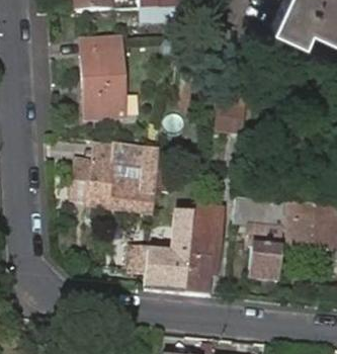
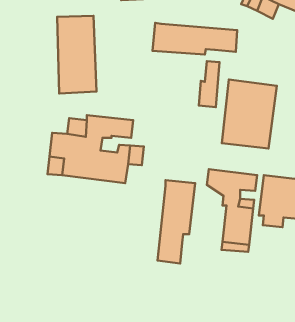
building: none -> [153,23,237,55]
building: none -> [222,80,277,148]
building: [143,211,192,289] -> none

